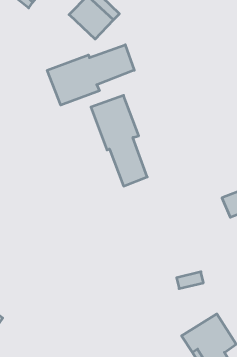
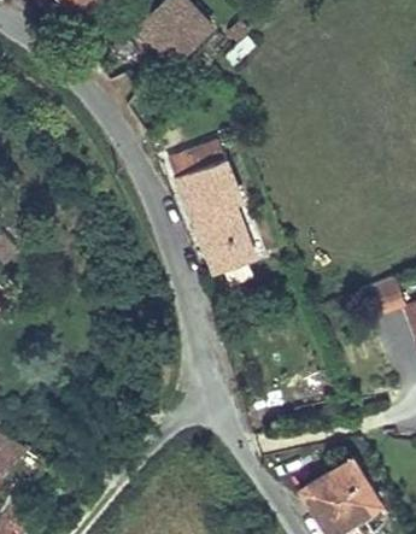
building: [47,45,134,105] -> none

